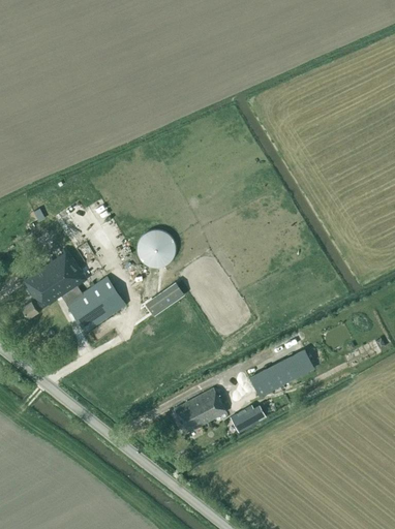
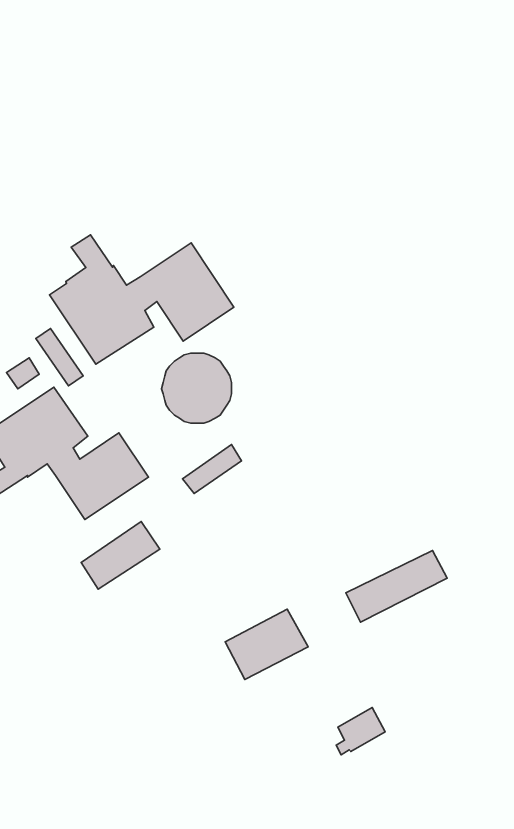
building: none -> [50,235,234,364]
building: none -> [81,521,160,589]
building: [229,404,260,434] -> [336,707,385,755]

